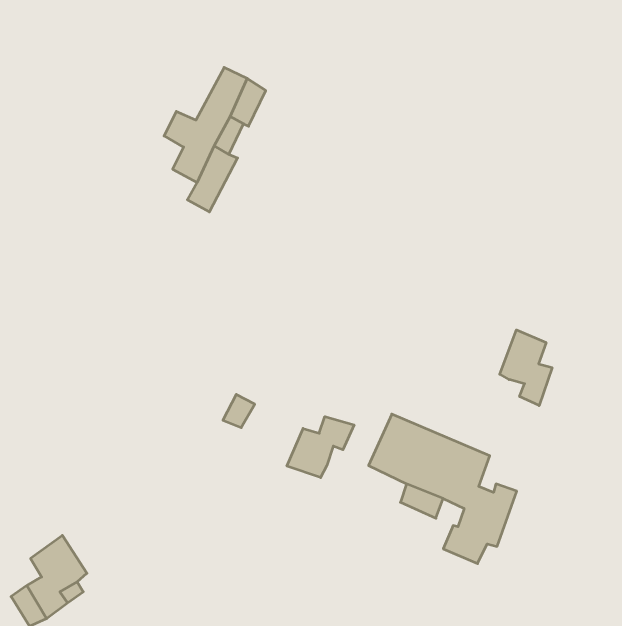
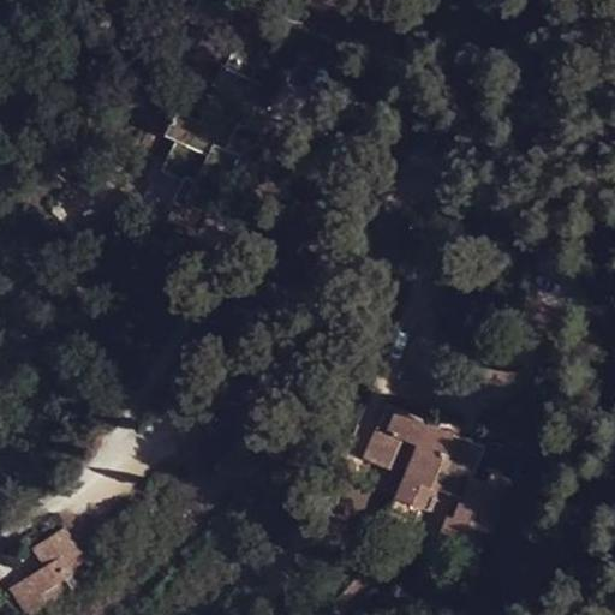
building: [500,330,552,406] -> none
building: [287,417,354,478] -> none

